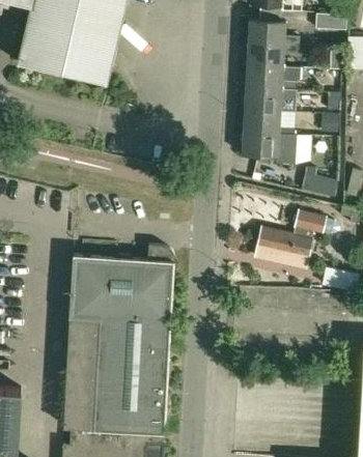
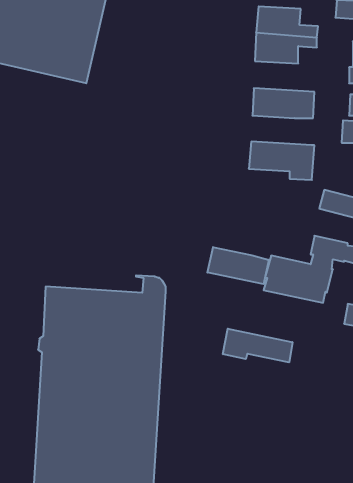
building: [247,65,300,91] -> none
building: [245,111,297,136] -> none
building: none -> [207,247,269,284]
building: none -> [223,329,292,362]

